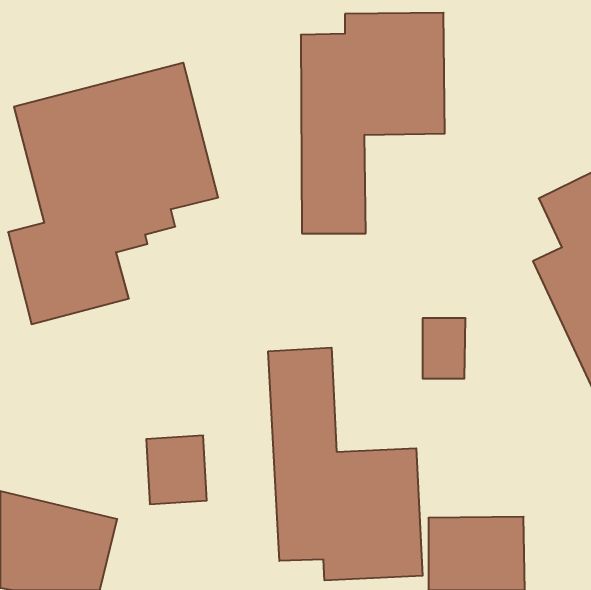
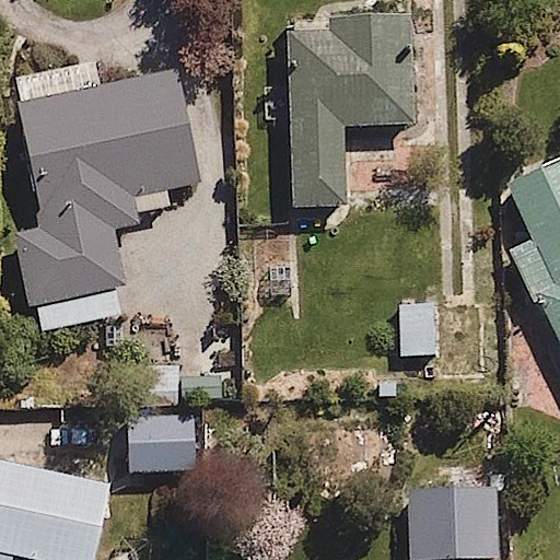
building: [268,348,423,580] -> none

